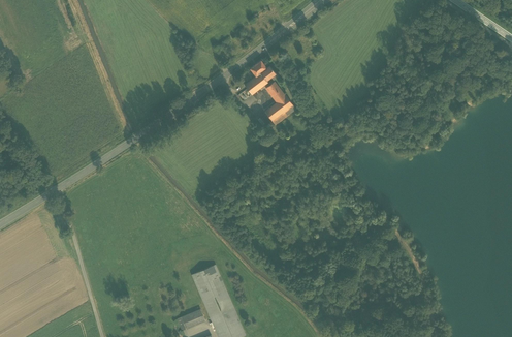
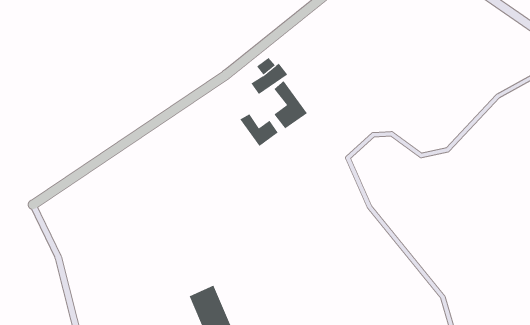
building: none -> [239,113,278,147]

